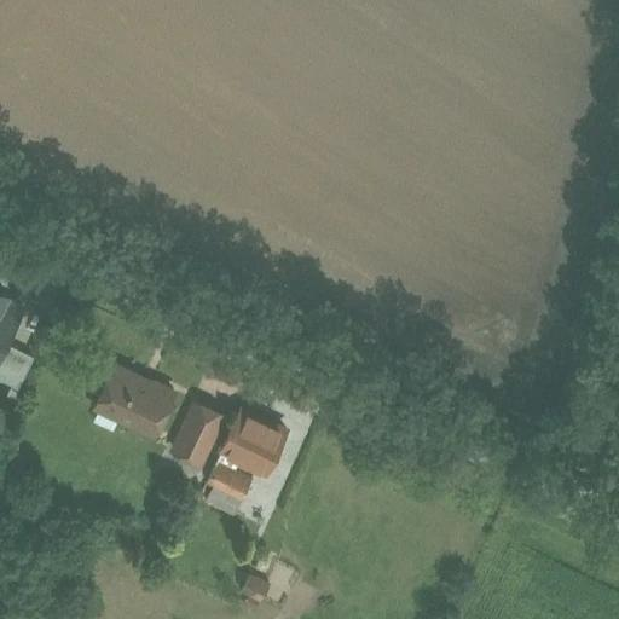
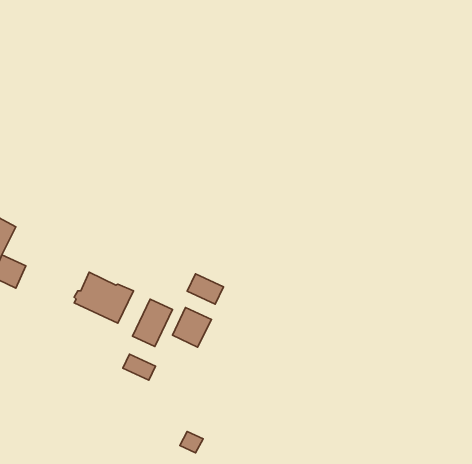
building: none -> [187,274,224,304]
building: [209,465,251,499] -> [123,354,155,380]

